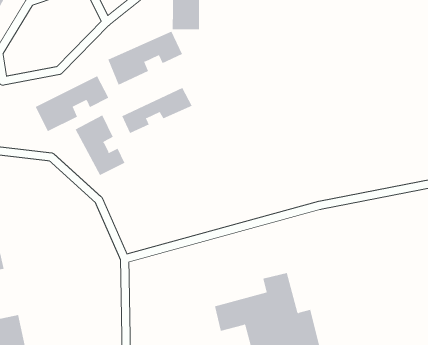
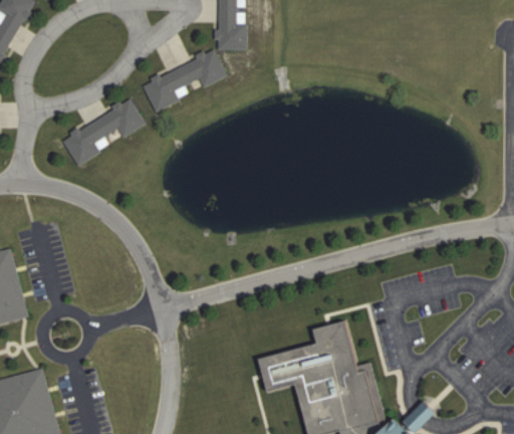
building: [122,87,192,134] -> none
building: [75,114,125,176] -> none

